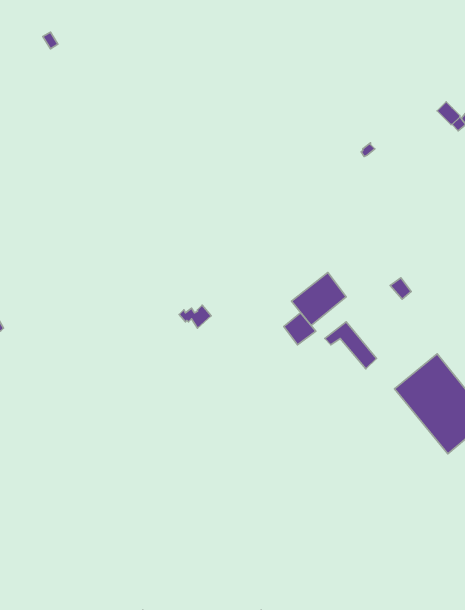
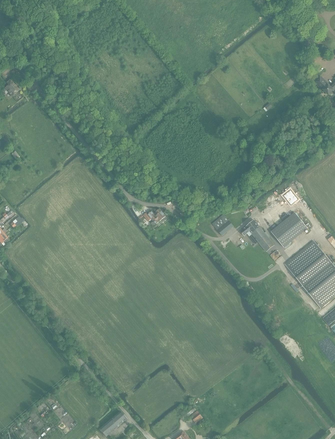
building: [292,272,346,326] -> [270,212,306,247]

